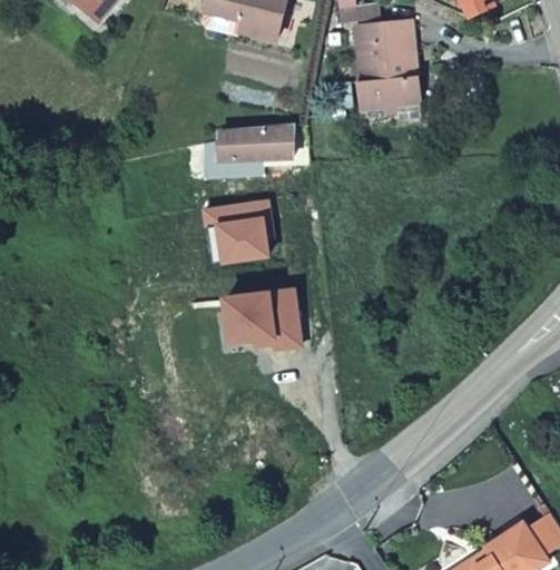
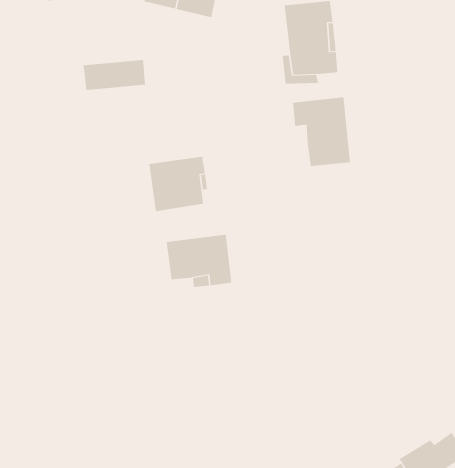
building: [218,127,291,163] -> [83,59,146,91]
building: none -> [292,96,351,167]

